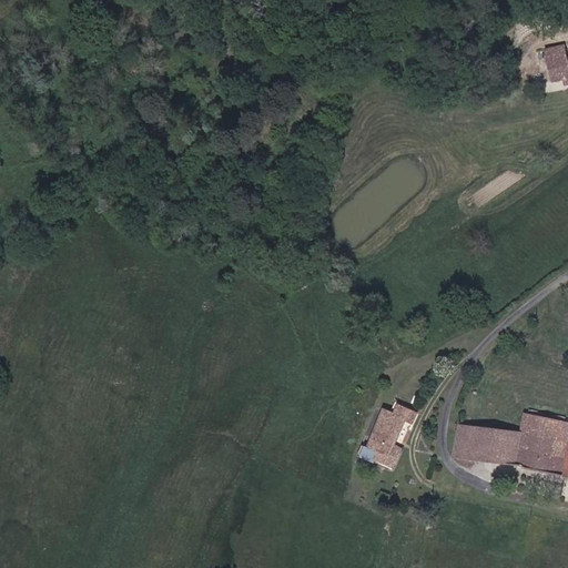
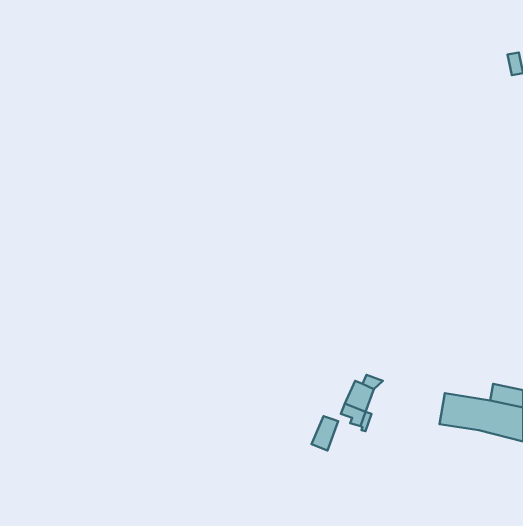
building: [457,420,479,457] -> none
building: none -> [311,416,338,451]

